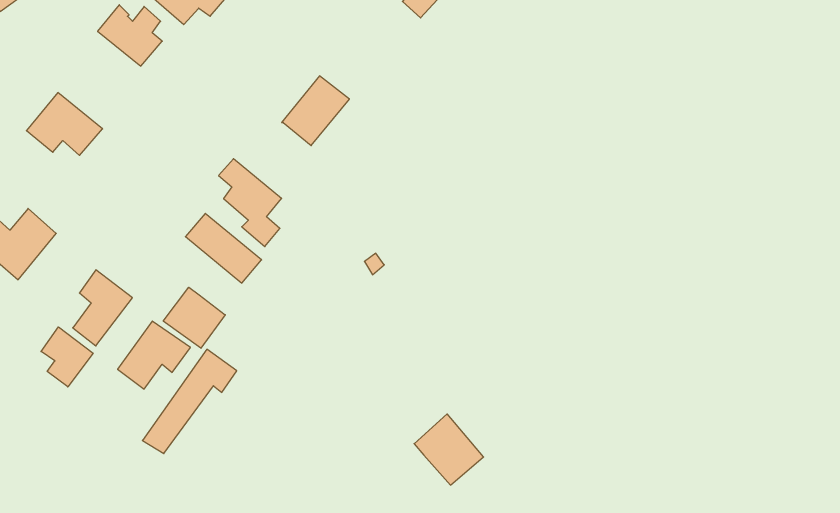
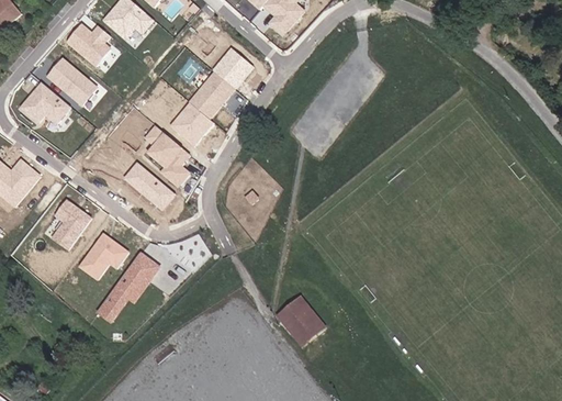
building: none -> [213,47,252,87]
building: none -> [47,58,97,105]
building: none -> [169,102,213,146]
building: [163,287,225,348] -> none
building: [41,327,93,387] -> none

